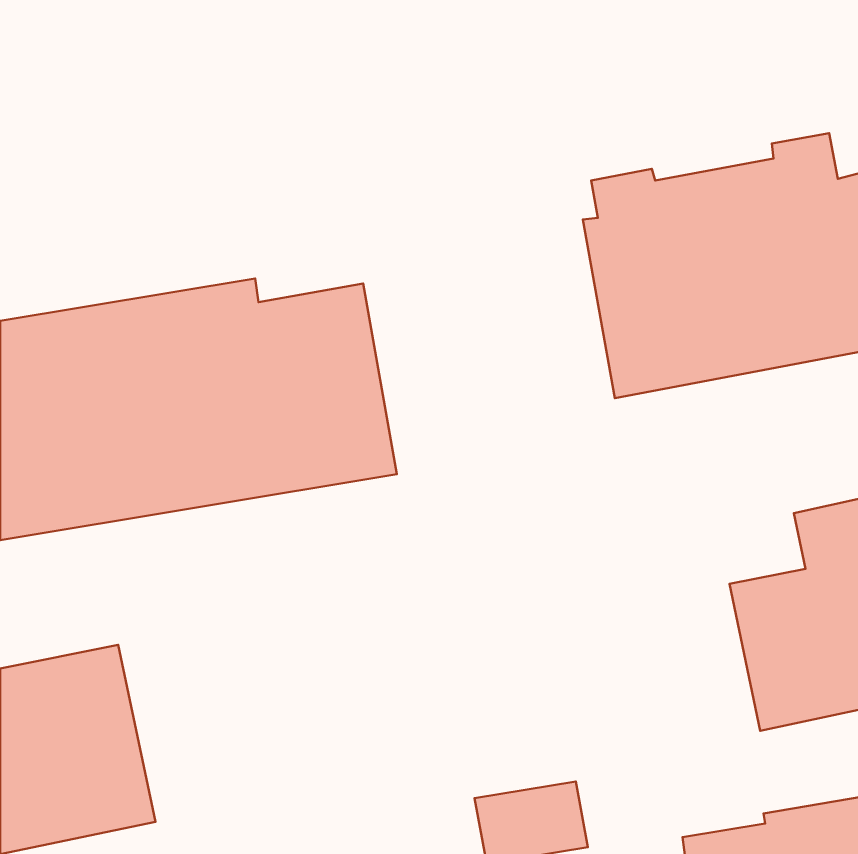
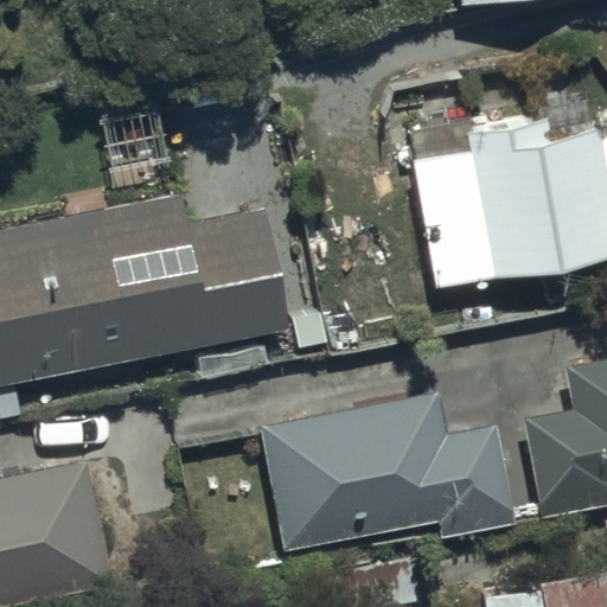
building: none -> [260,391,518,552]

